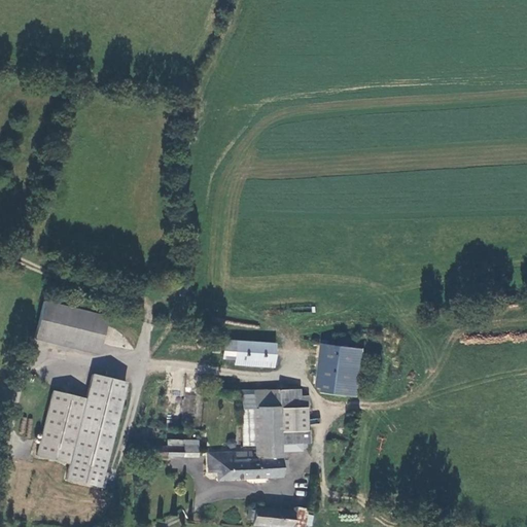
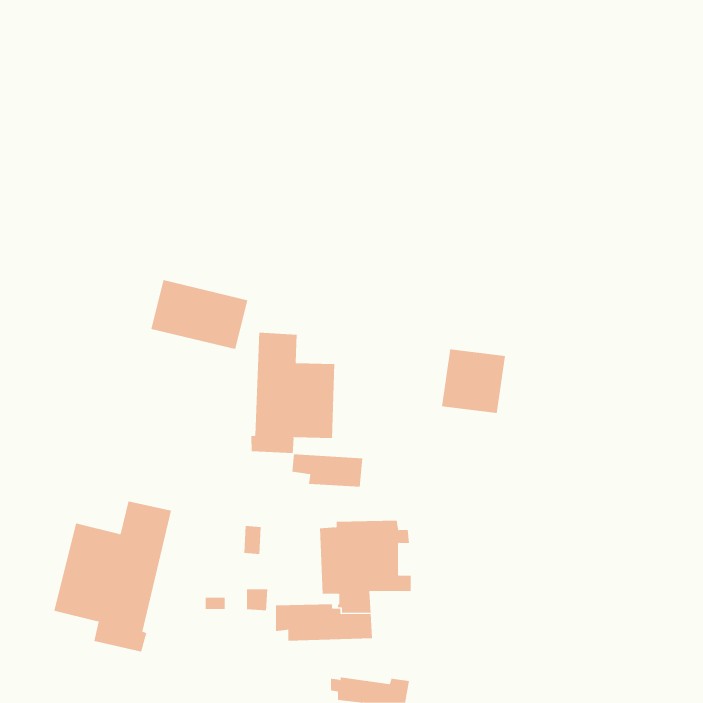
building: none -> [251,332,335,454]
building: [37,302,110,354] -> [150,279,248,350]
building: [314,343,362,391] -> [441,349,506,414]

